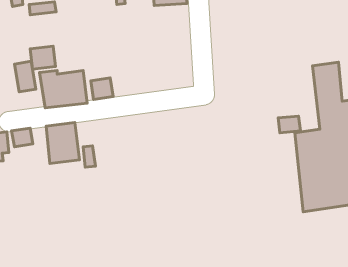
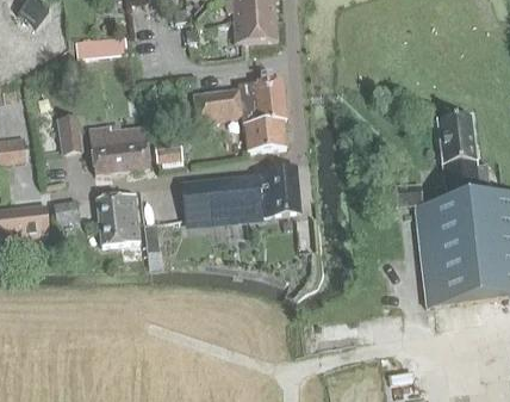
building: none -> [193,78,286,149]
building: [30,46,55,69] -> none
building: none -> [181,165,299,228]

